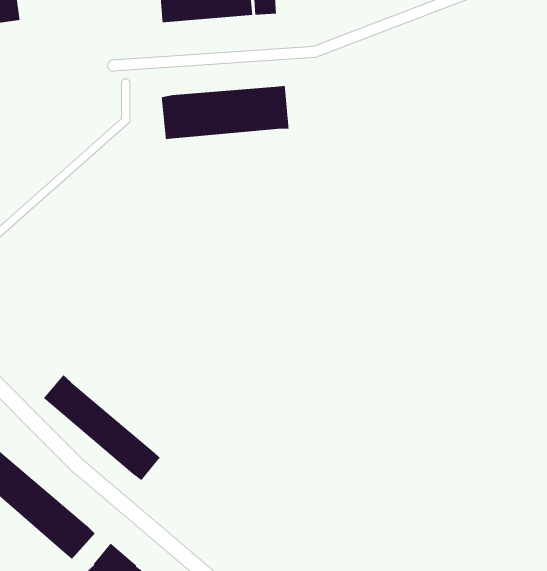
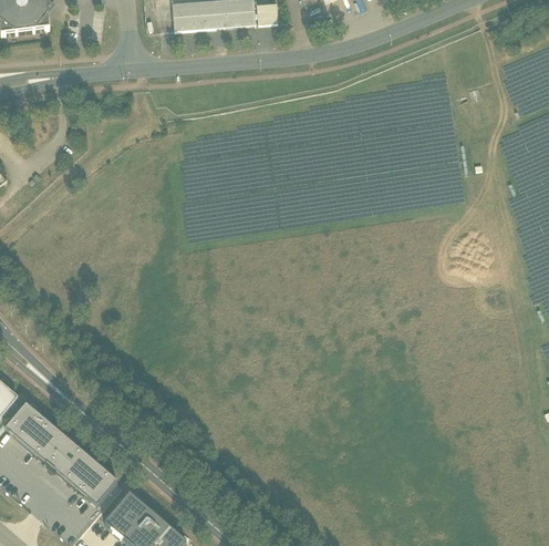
building: [161,85,289,140] -> none
building: [43,374,161,481] -> none

